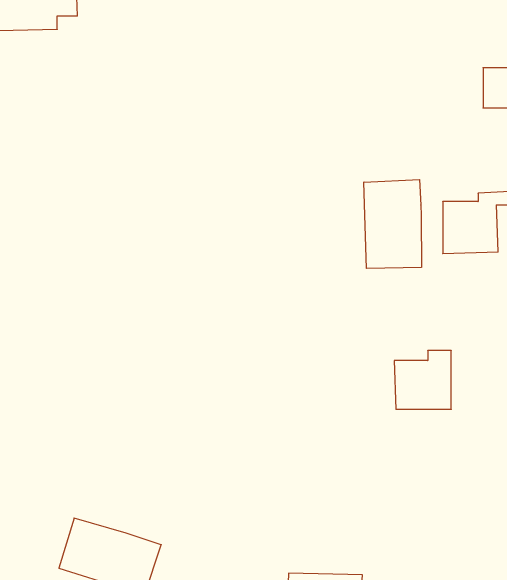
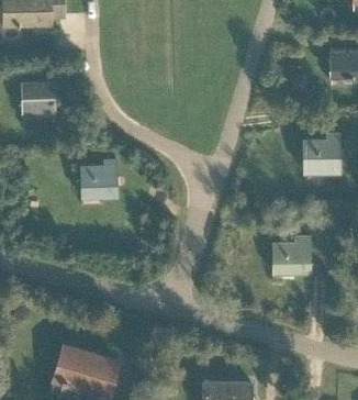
building: none -> [22,84,54,121]
building: [364,180,421,268] -> none
building: none -> [80,160,118,199]

